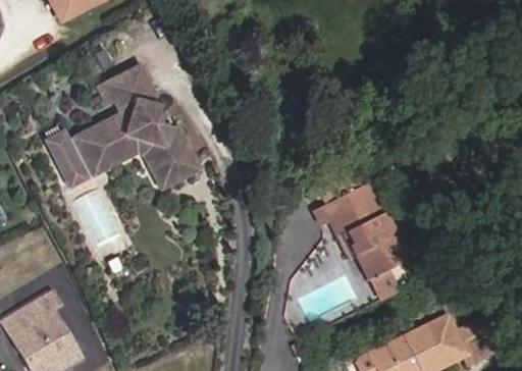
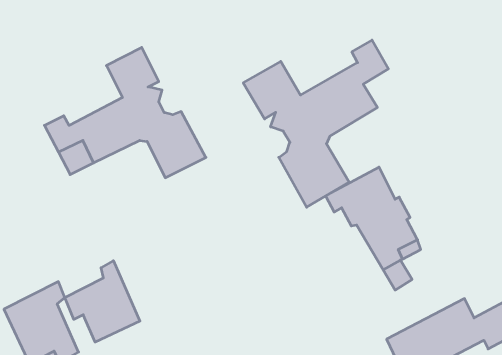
building: none -> [243,40,388,207]
building: none -> [65,261,140,342]

